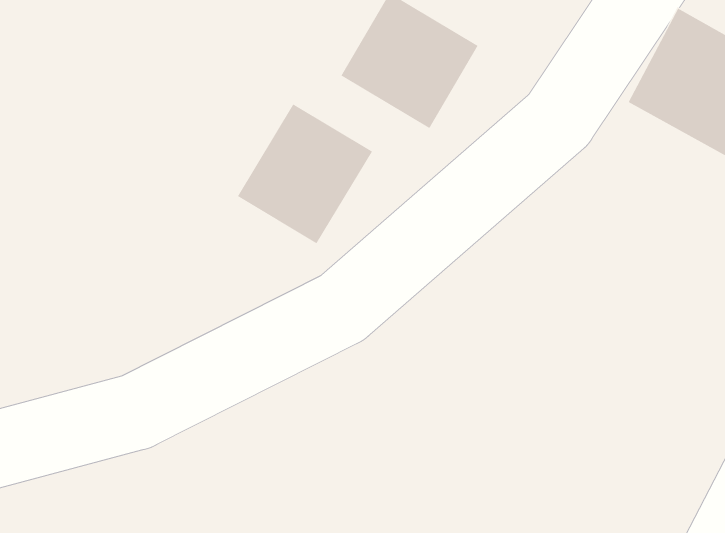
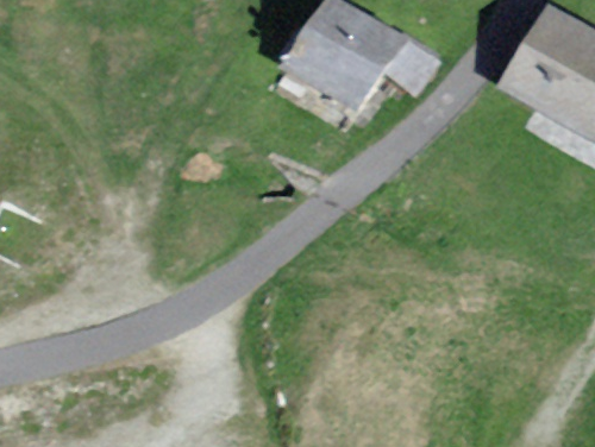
building: [237,104,373,244] -> none

